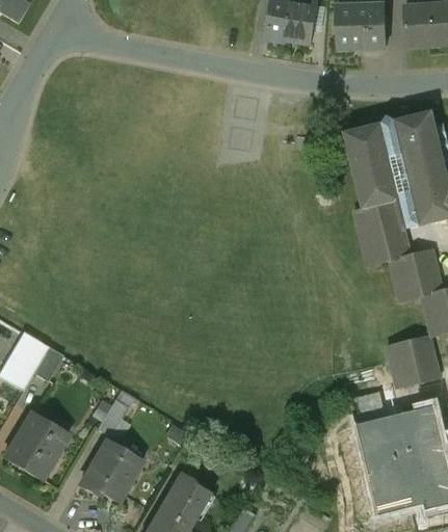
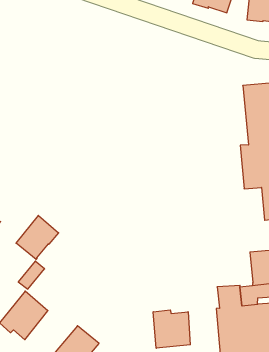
building: none -> [16,215,59,260]
building: none -> [153,310,190,348]

